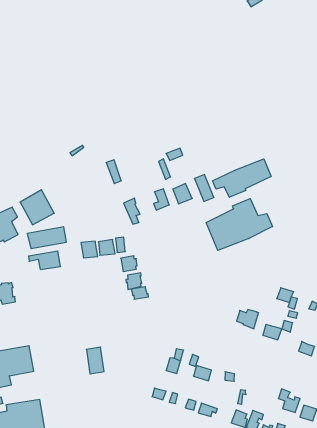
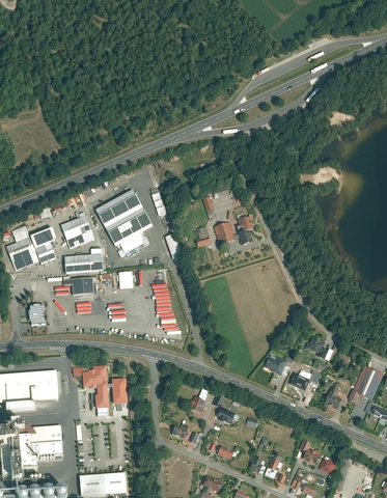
building: [212,159,271,197] -> none
building: none -> [95,190,153,247]
building: [206,199,273,250] -> none
building: none -> [74,367,108,413]

